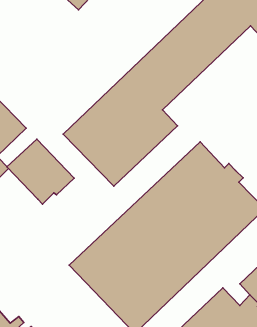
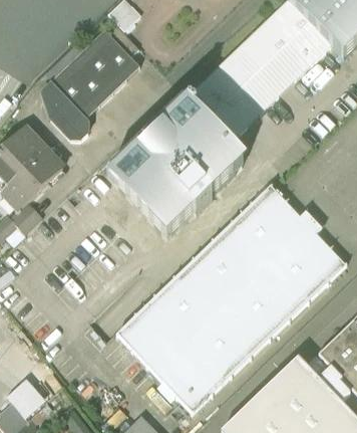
building: none -> [40,21,139,140]
building: [7,139,74,204] -> none

